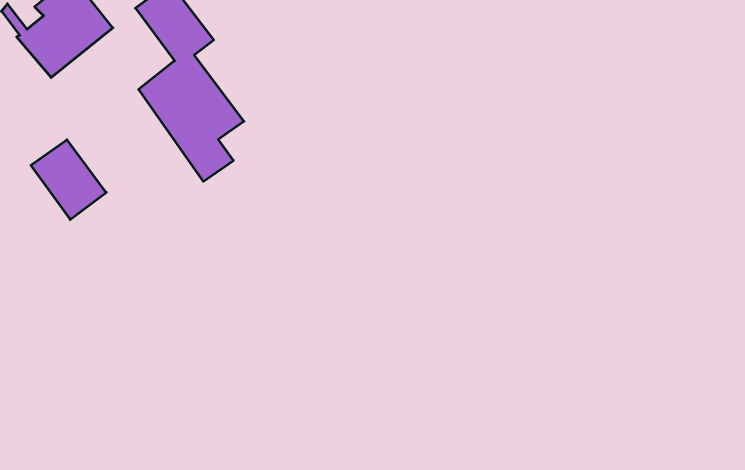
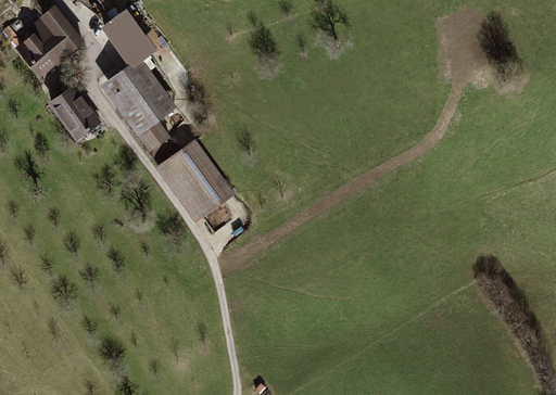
building: [31,140,106,220] -> [47,84,101,141]
building: none -> [156,139,236,221]

